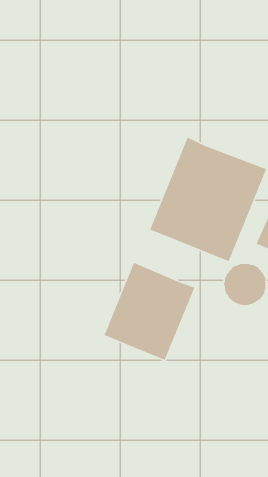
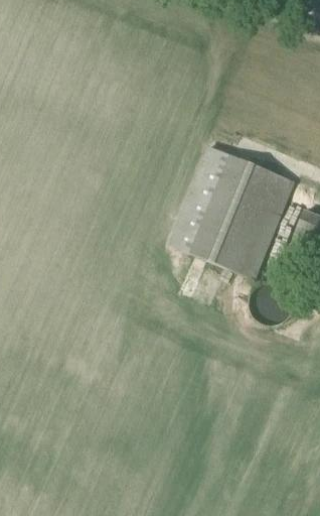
building: [104,262,195,361] -> none

